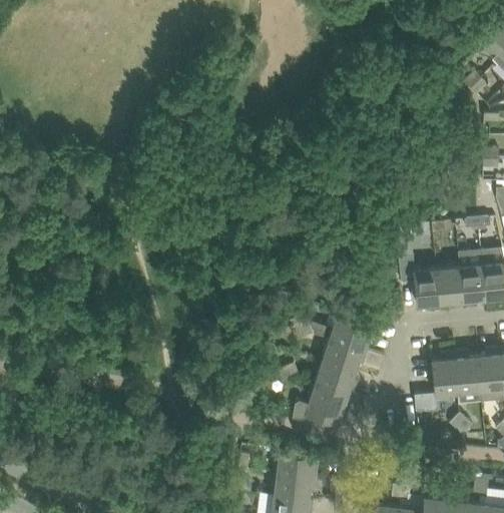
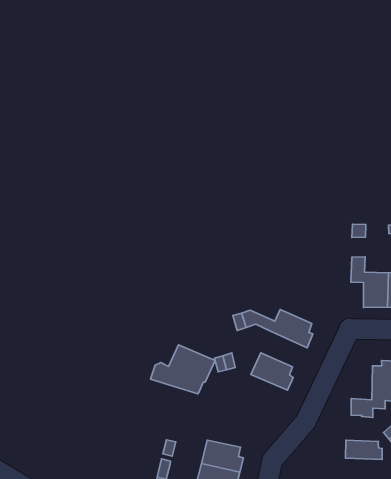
building: [322,340,366,372] -> none
building: [292,384,352,429] -> [151,345,215,394]
building: none -> [346,440,382,459]

